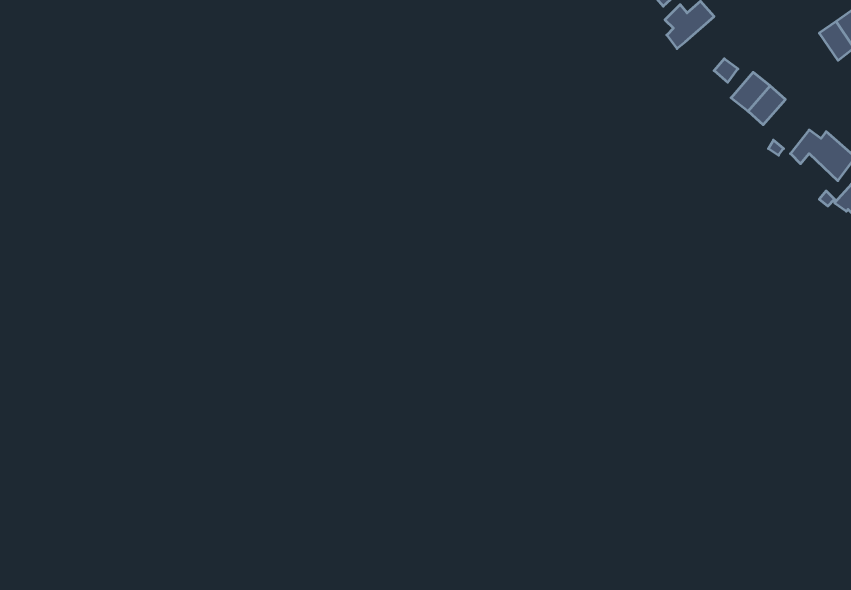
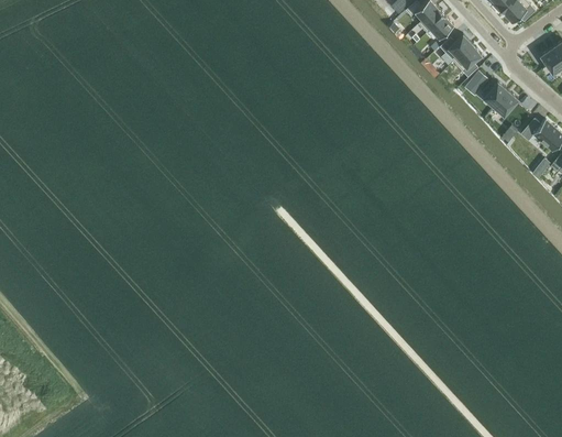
building: none -> [453,45,482,77]

